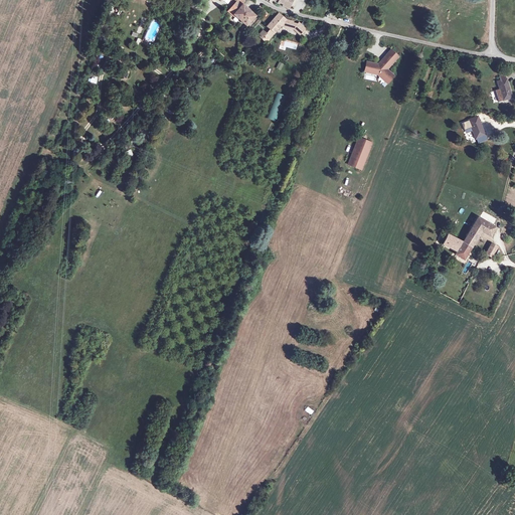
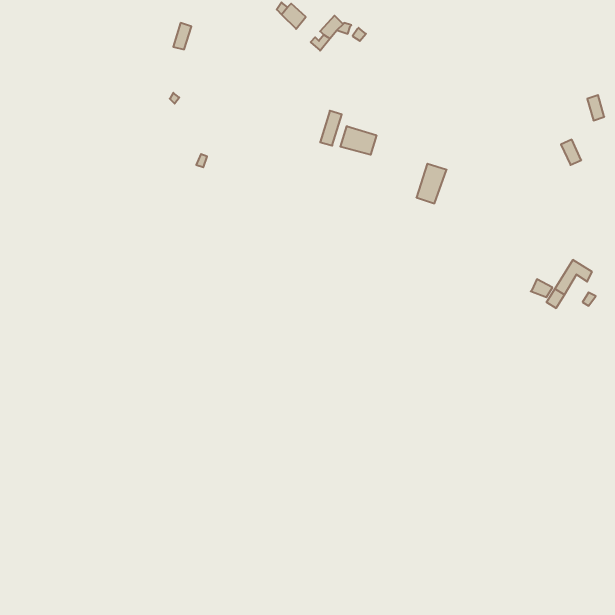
building: [364,48,400,84] -> none
building: none -> [340,126,376,155]

